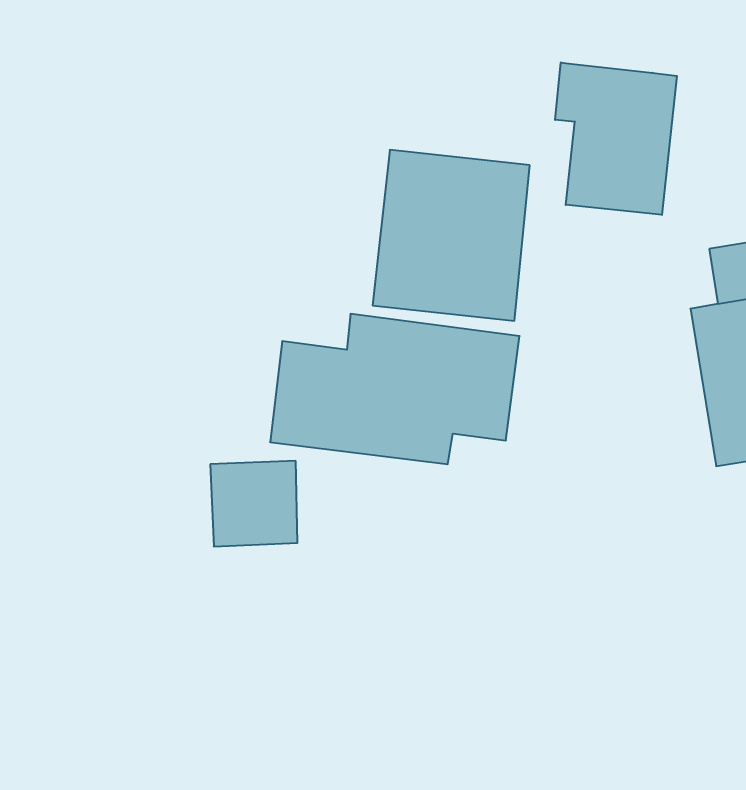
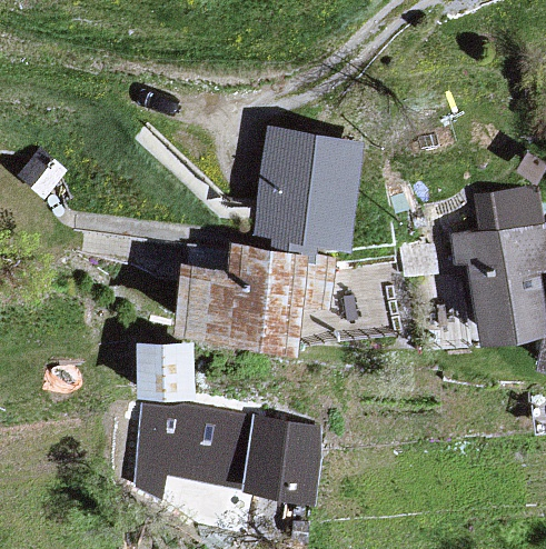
building: [555,62,677,215] -> none
building: none -> [136,398,319,501]

